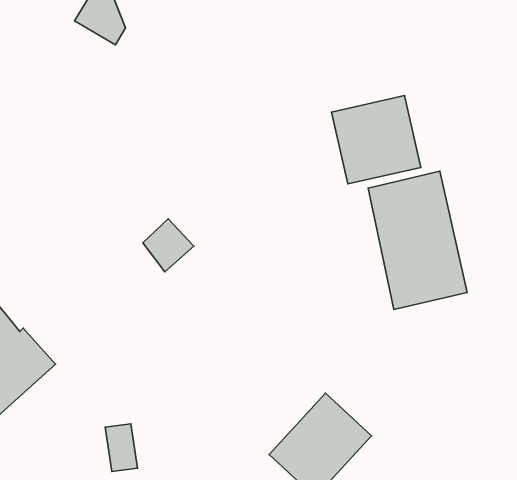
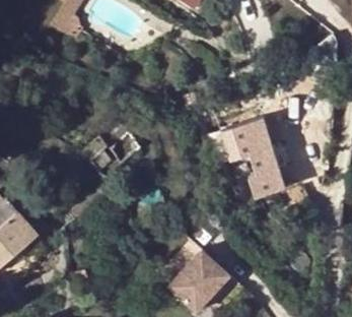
building: [331,96,421,184] -> none

